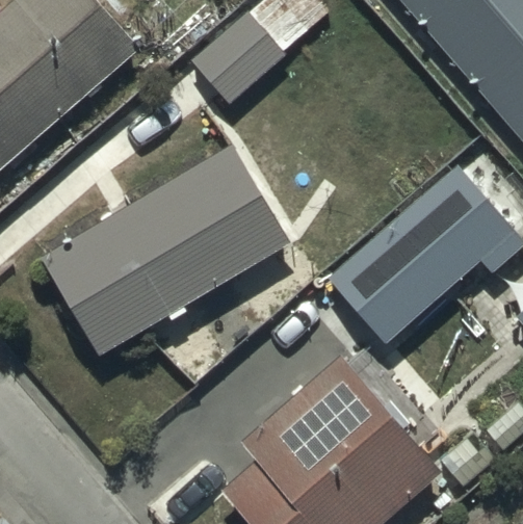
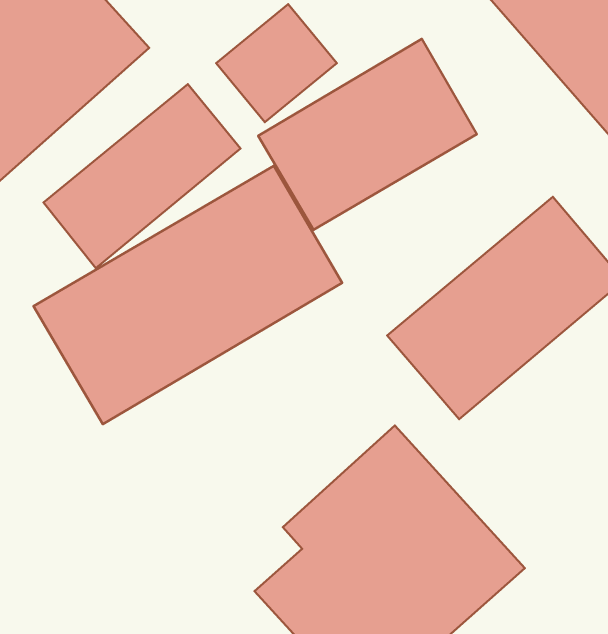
building: none -> [258,39,477,230]
building: none -> [43,84,241,268]

